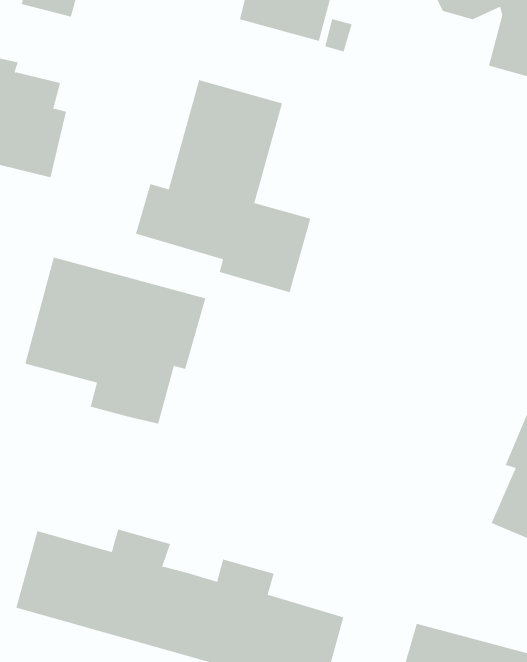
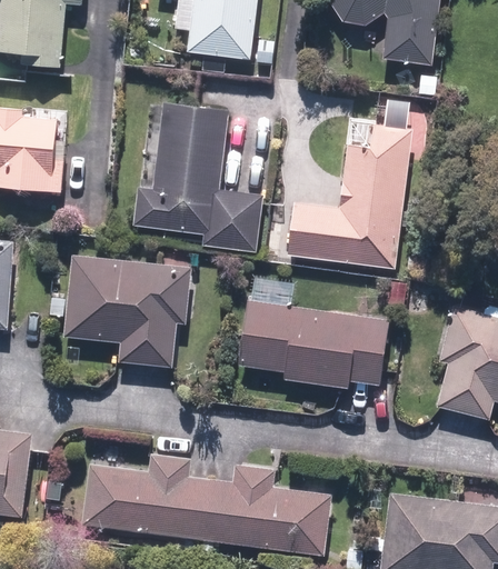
building: none -> [286,99,414,270]
building: none -> [237,277,391,390]

